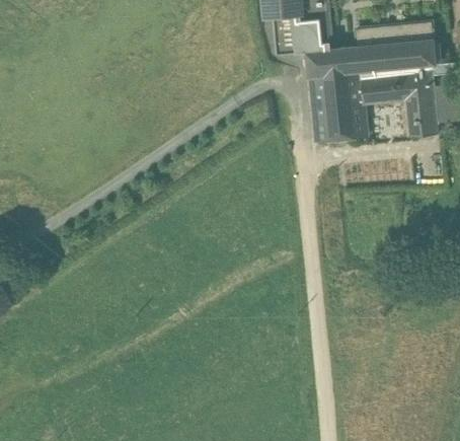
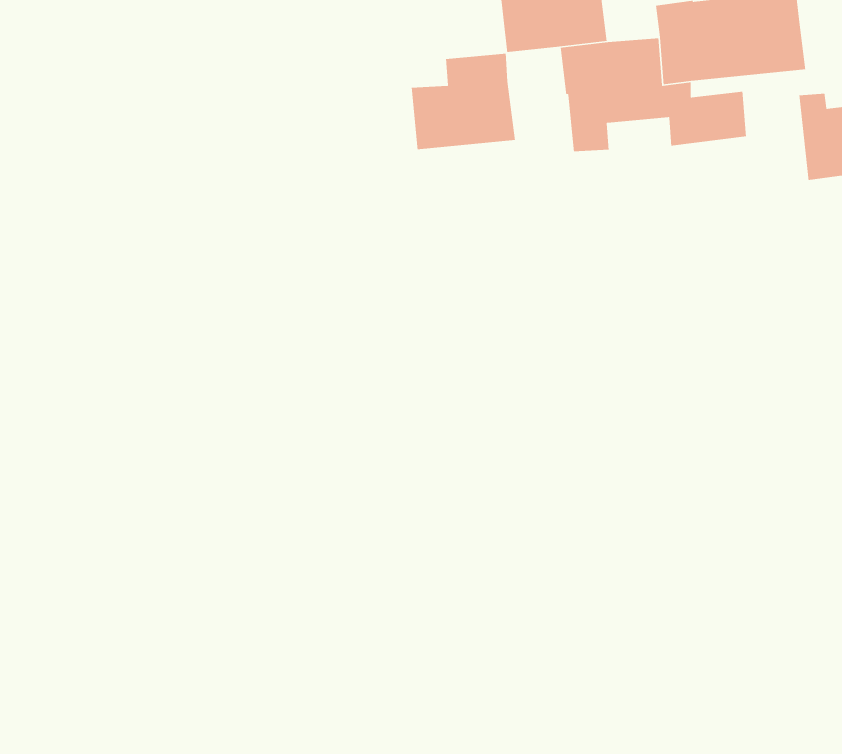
building: [402,73,438,138] -> none
building: [312,90,368,142] -> [411,53,516,150]

